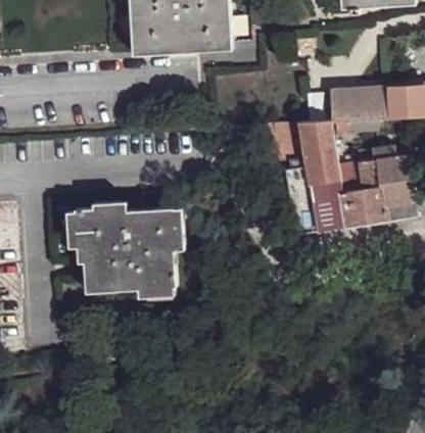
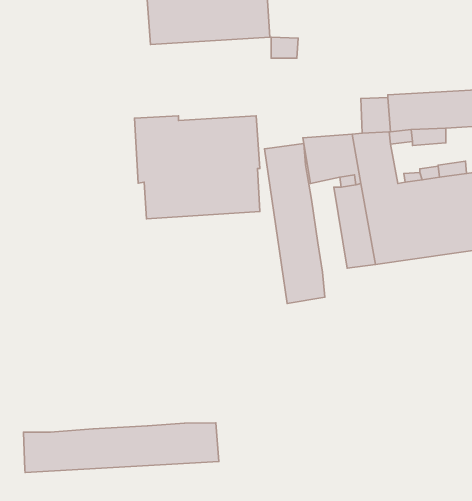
building: none -> [265,144,325,304]
building: [75,207,179,293] -> [134,116,260,219]
building: none -> [24,423,219,472]

